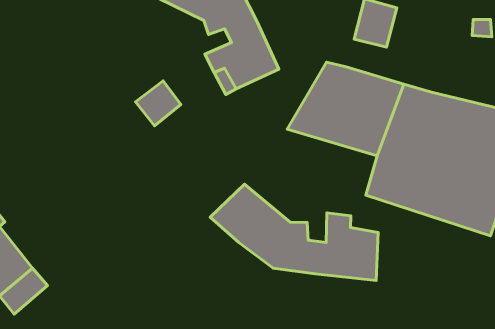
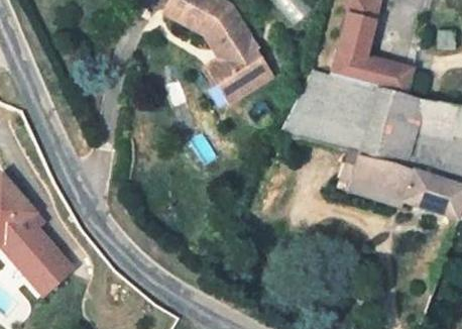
building: none -> [330,50,412,97]
building: [135,81,181,126] -> none
building: [210,184,378,281] -> none

